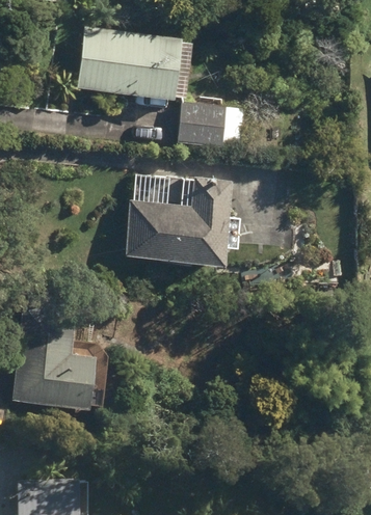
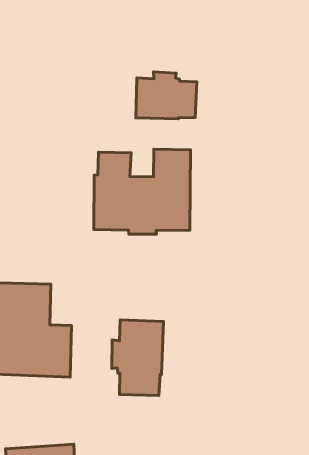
building: [76,27,191,101] -> none
building: none -> [112,320,164,395]

